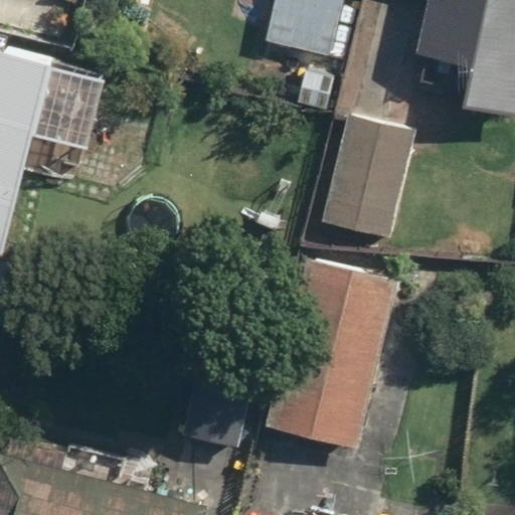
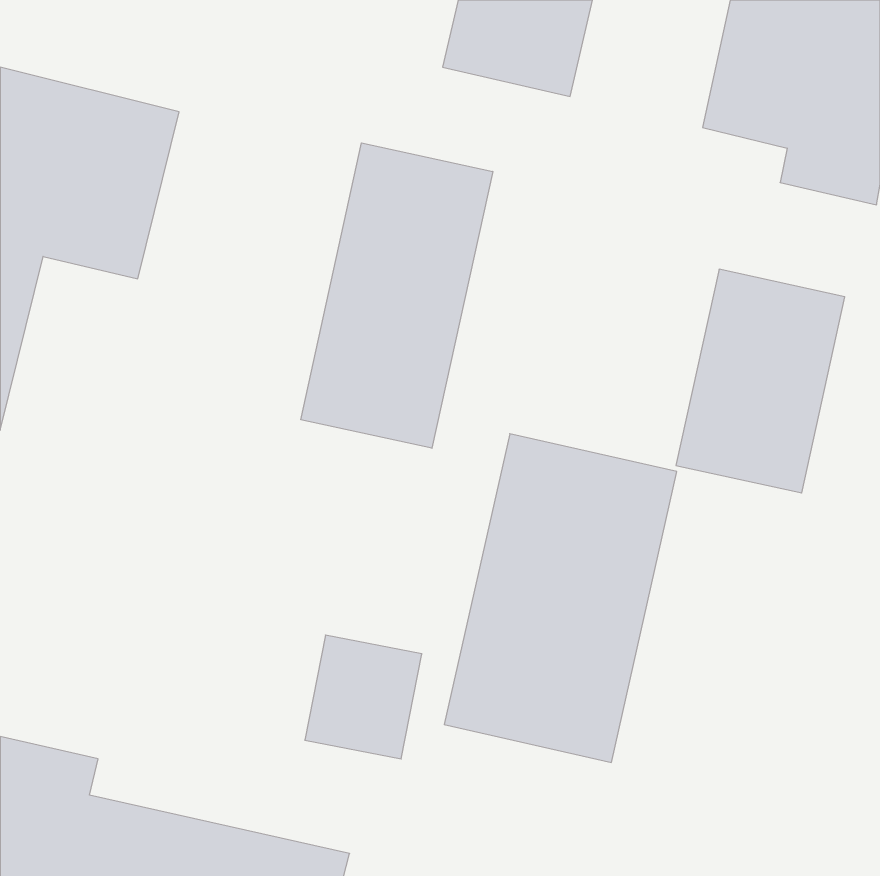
building: none -> [301,143,493,448]
building: [318,113,416,243] -> [676,269,845,493]

